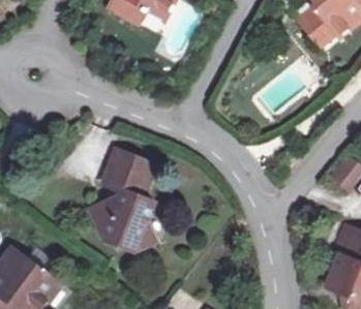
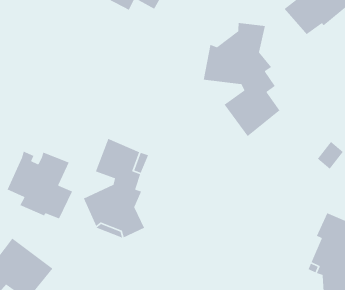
building: none -> [203,22,280,137]
building: none -> [7,150,73,219]

